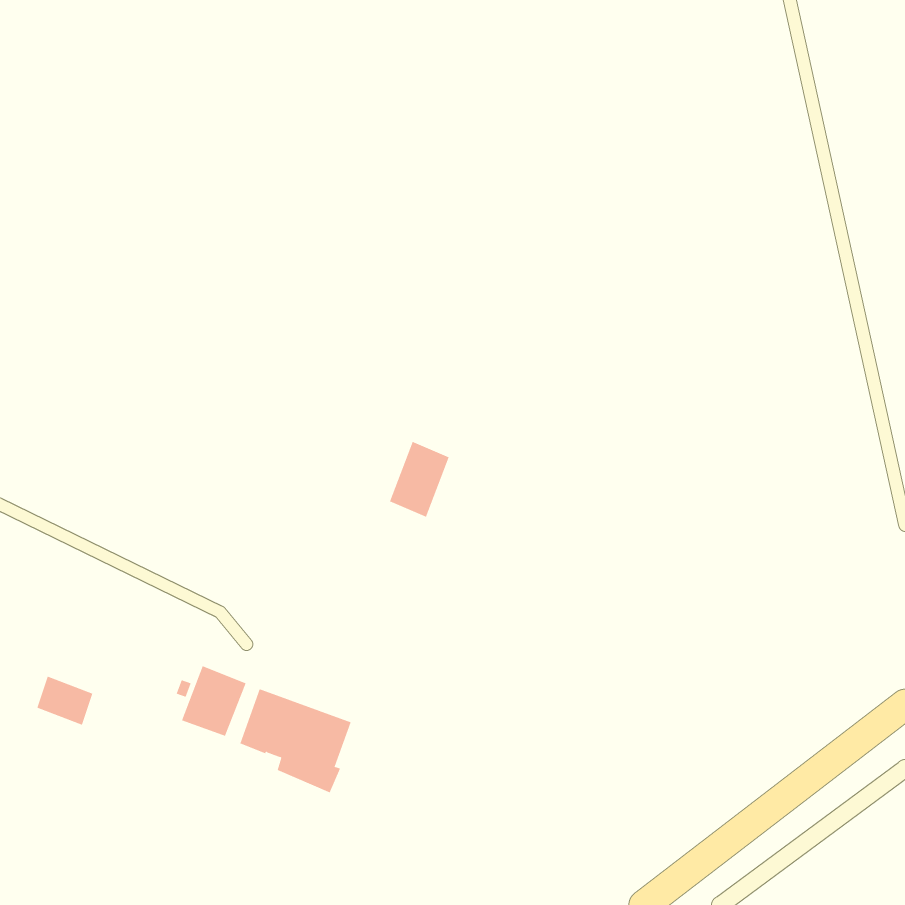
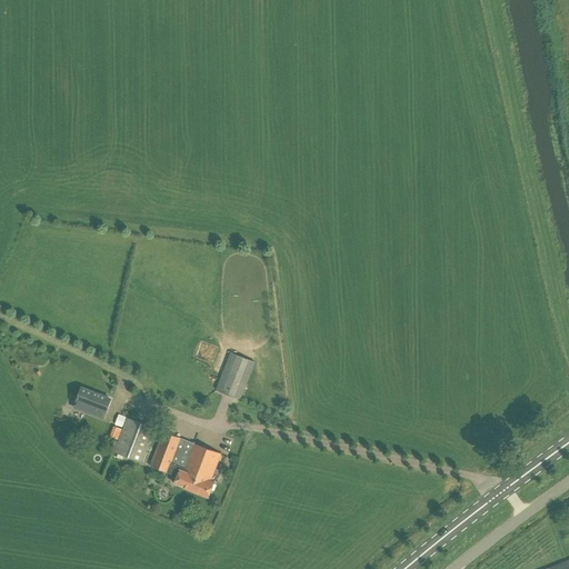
building: [389,441,449,518] -> [216,351,253,399]
building: [36,676,93,726] -> [73,387,109,418]

